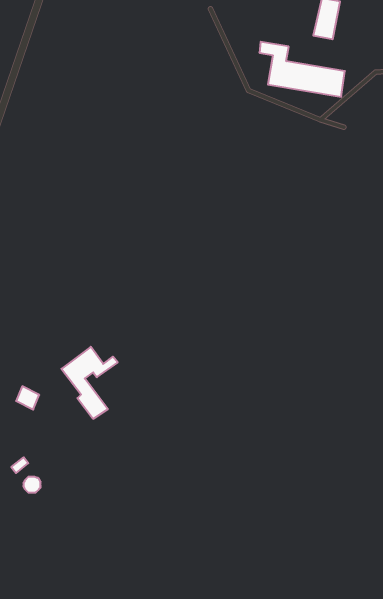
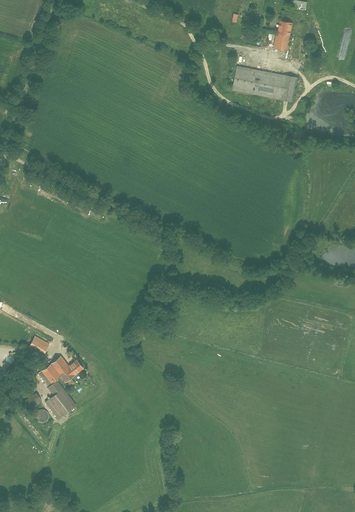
building: [61,347,118,419] -> [37,355,83,414]

